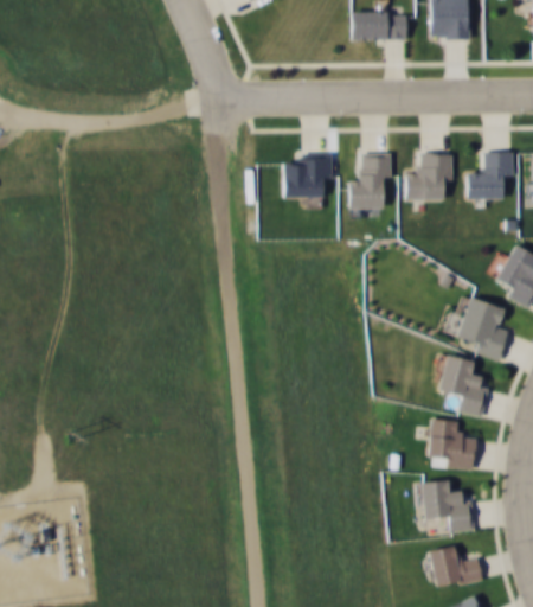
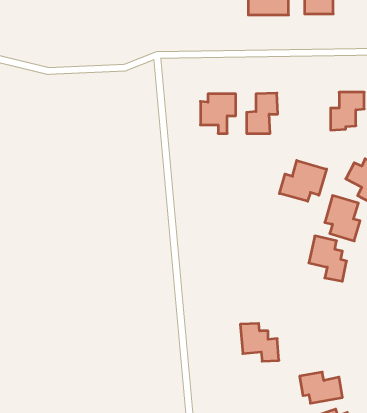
building: [406,152,454,202] -> none
building: none -> [279,160,327,201]
building: [429,417,479,471] -> none
building: [422,479,476,532] -> [240,323,279,361]

